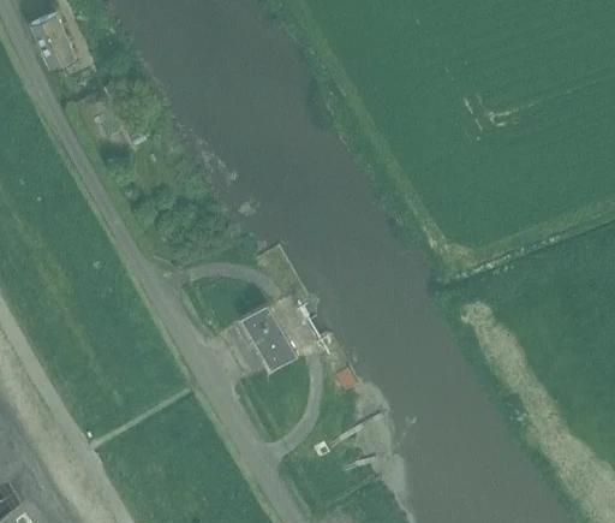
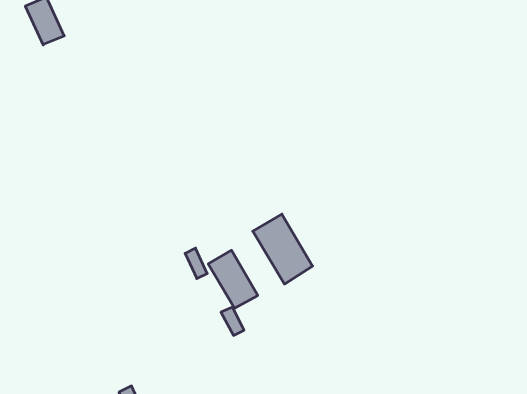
building: none -> [253,214,313,284]

